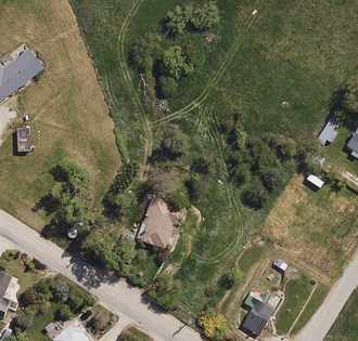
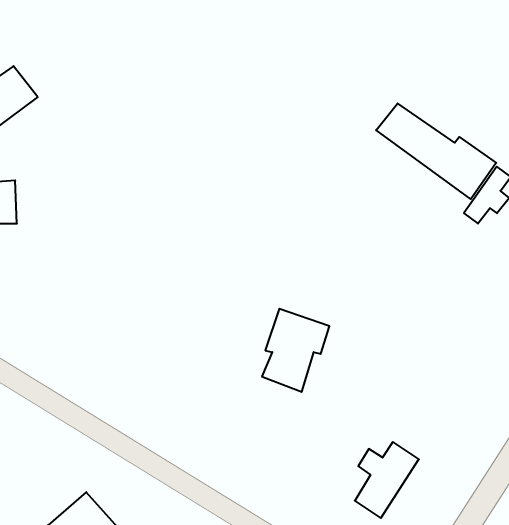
building: none -> [376,103,496,199]
building: [140,199,182,251] -> [262,309,329,392]

